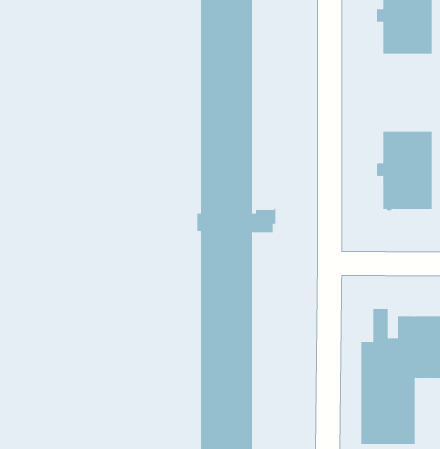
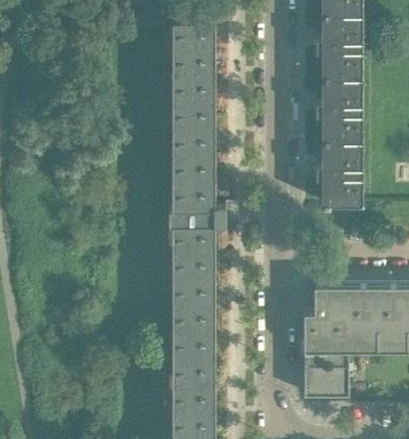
building: none -> [316,77,362,140]

